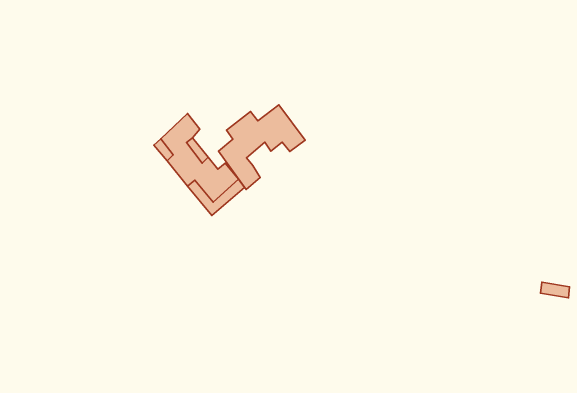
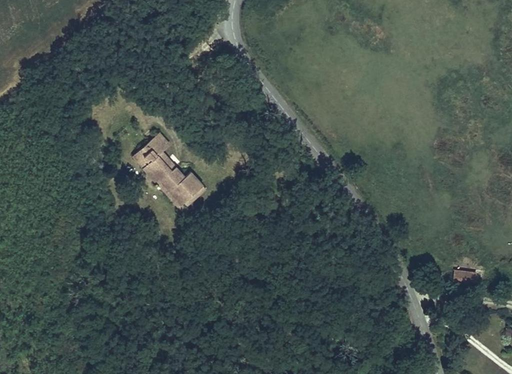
building: [219,105,305,189] -> none

